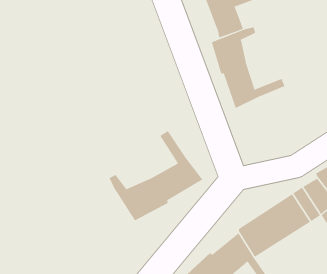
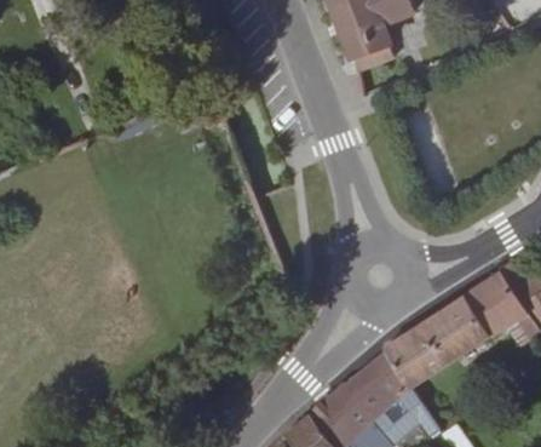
building: [211,27,285,109] -> none
building: [109,130,203,221] -> none

